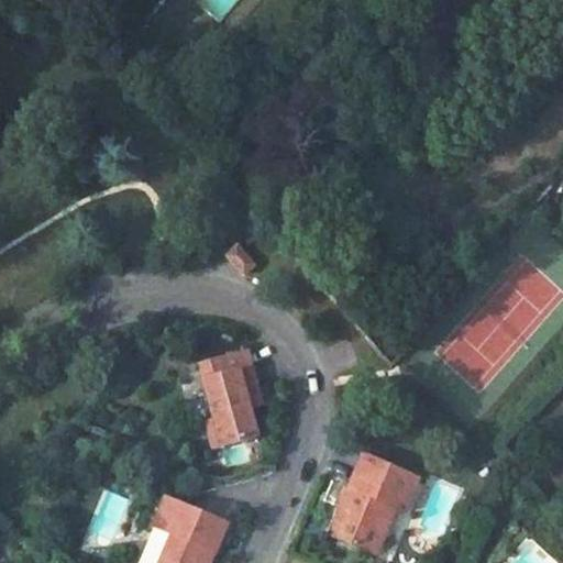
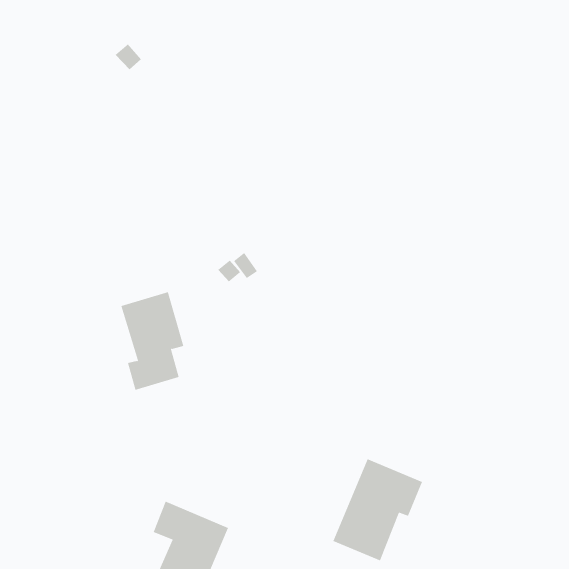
building: [199,349,262,446] -> [120,291,184,391]

